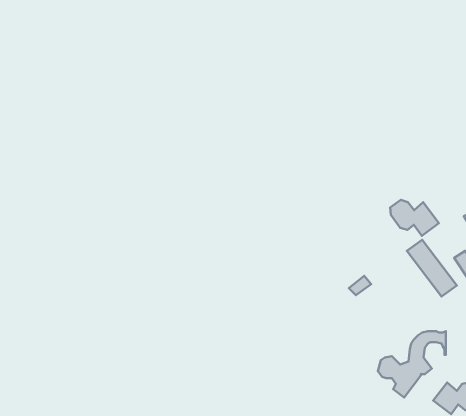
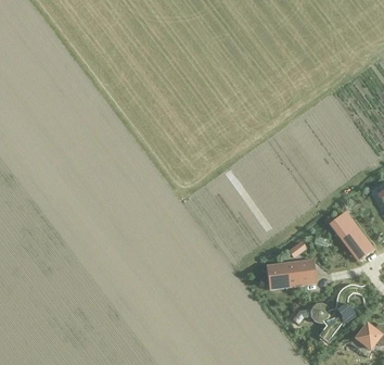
building: [390,200,439,236] -> none
building: none -> [270,262,310,287]

